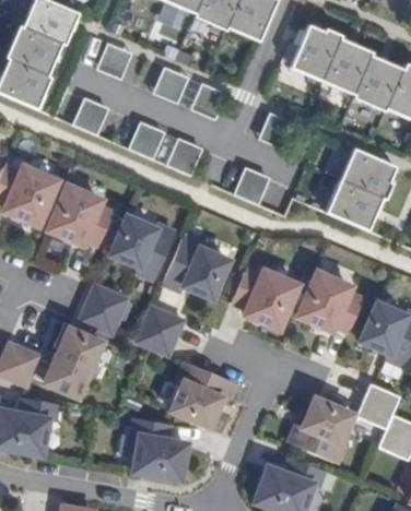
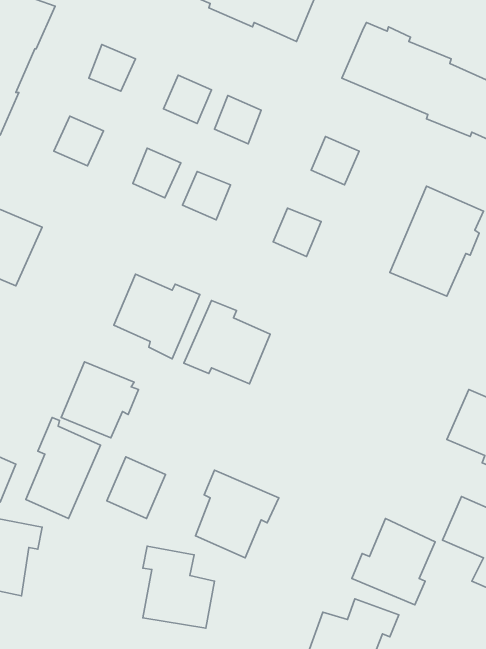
building: [51,185,117,243] -> none
building: [235,269,301,328] -> none
building: [301,271,366,330] -> none
building: [141,308,185,354] -> [107,457,165,518]

